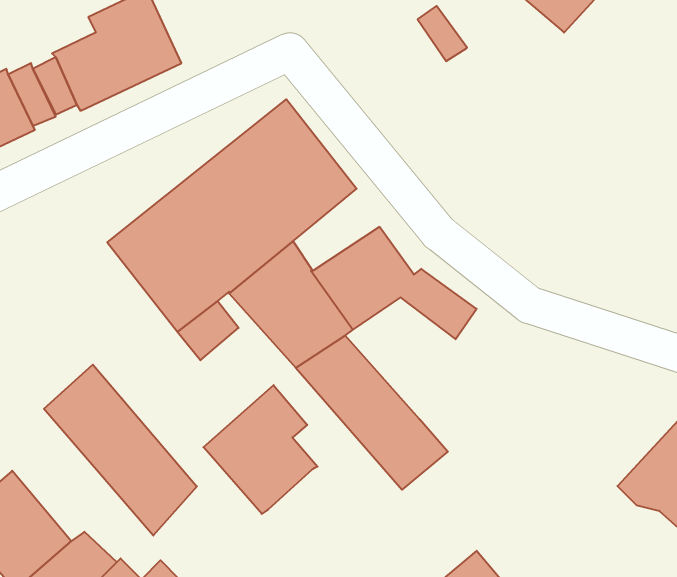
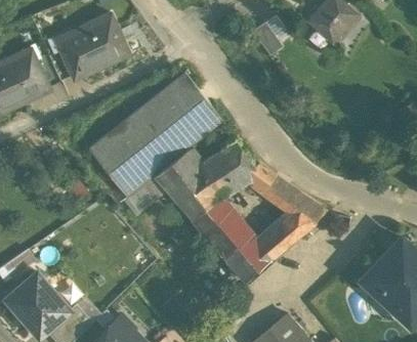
building: none -> [256,185,326,262]
building: [44,365,197,536] -> none
building: [203,385,318,514] -> none

